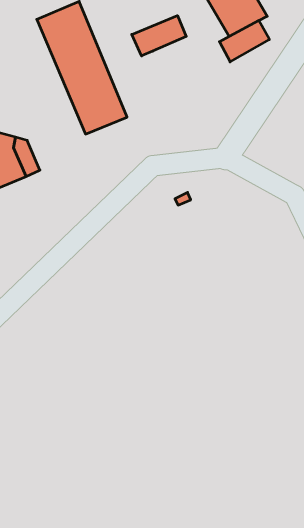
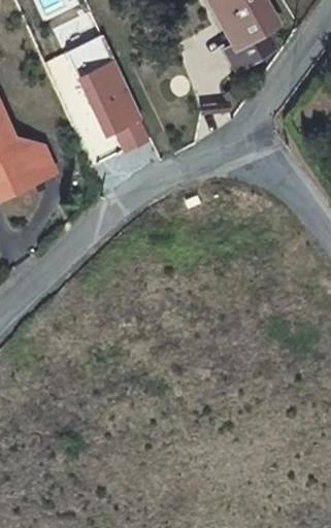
building: [132,16,186,56] -> none

